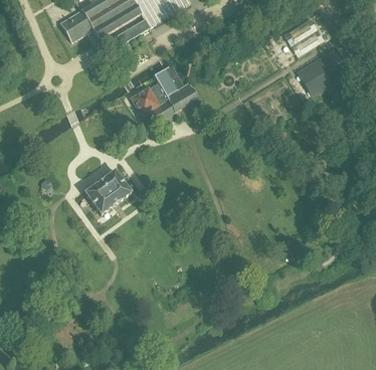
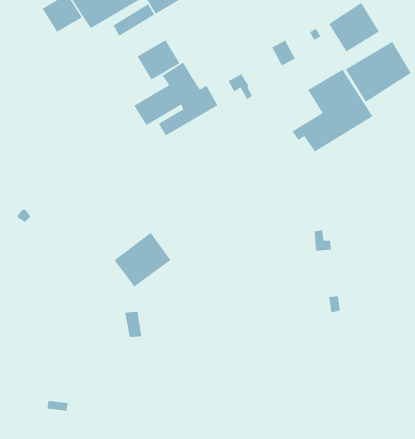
building: none -> [136,39,180,80]
building: none -> [291,69,373,153]
building: [84,171,130,214] -> [113,232,172,287]

